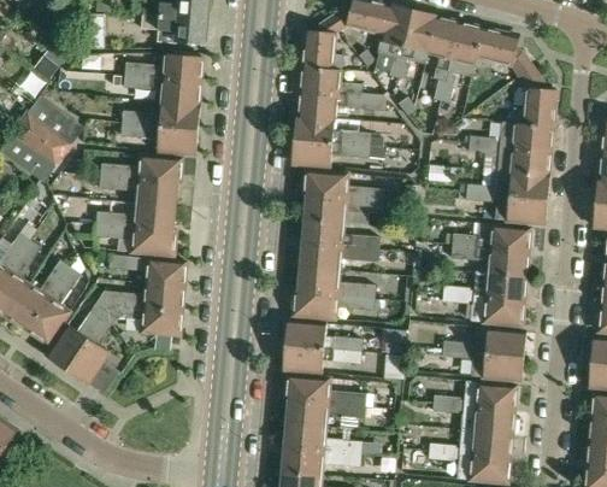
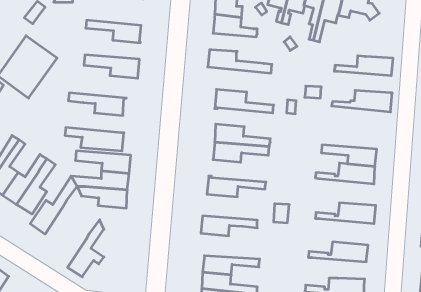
building: [125,53,204,81] -> none
building: [513,69,555,127] -> none
building: [299,92,387,119] -> none
building: [123,101,200,128] -> none
building: [293,139,385,168] -> none
building: [470,145,549,175] -> none
building: [101,153,183,182] -> none
building: [466,193,548,225] -> none
building: [305,195,384,222] -> none
building: [96,200,176,230] -> none
building: [453,225,531,253] -> none
building: [299,268,376,299] -> none
building: [443,293,525,327] -> none
building: [67,305,118,385] -> [68,220,104,277]
building: [287,319,364,352] -> none
building: [442,350,525,382] -> none
building: [285,375,367,406] -> none
building: [432,404,514,434] -> none

